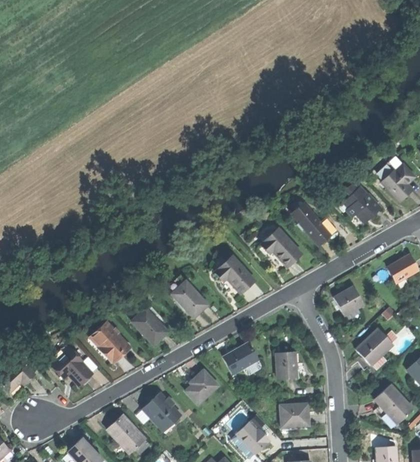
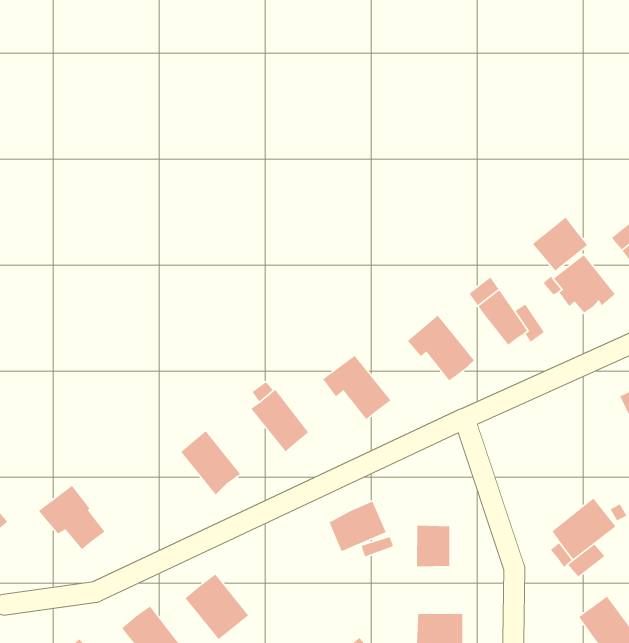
building: none -> [532,217,588,272]
building: [333,286,364,316] -> none
building: [92,321,129,360] -> none
building: [185,369,217,403] -> none

